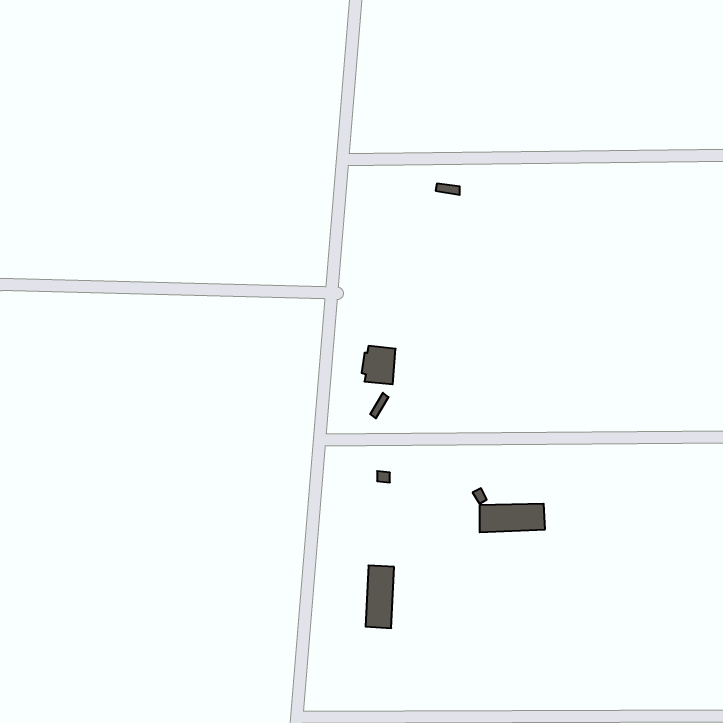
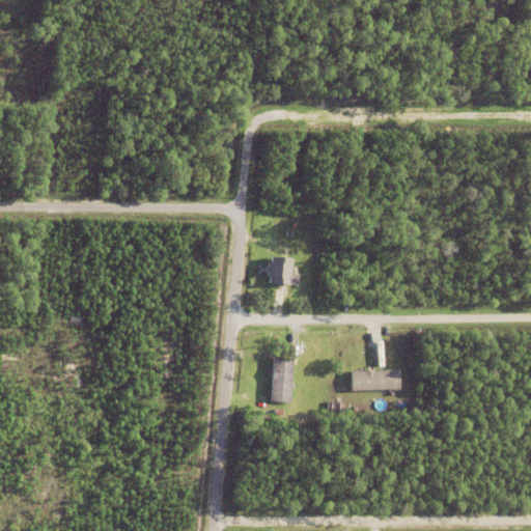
building: [366,565,394,628] -> [272,357,292,402]

